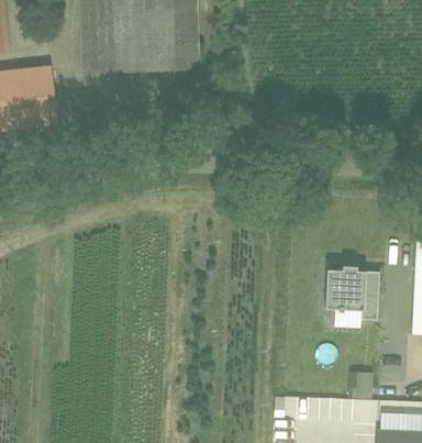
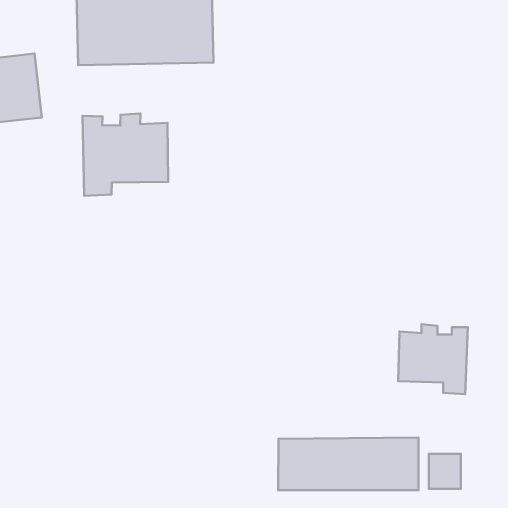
building: none -> [82,114,168,196]
building: none -> [278,438,418,490]

